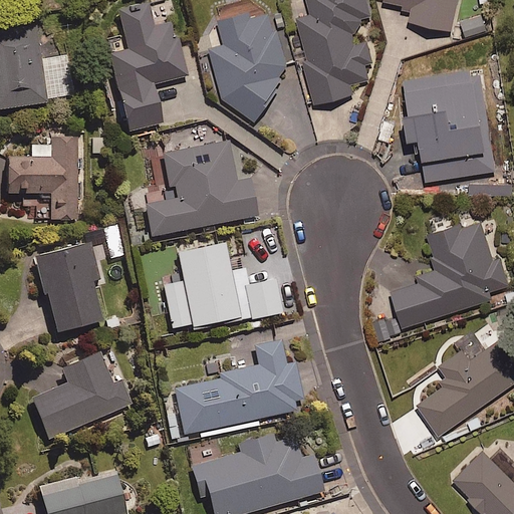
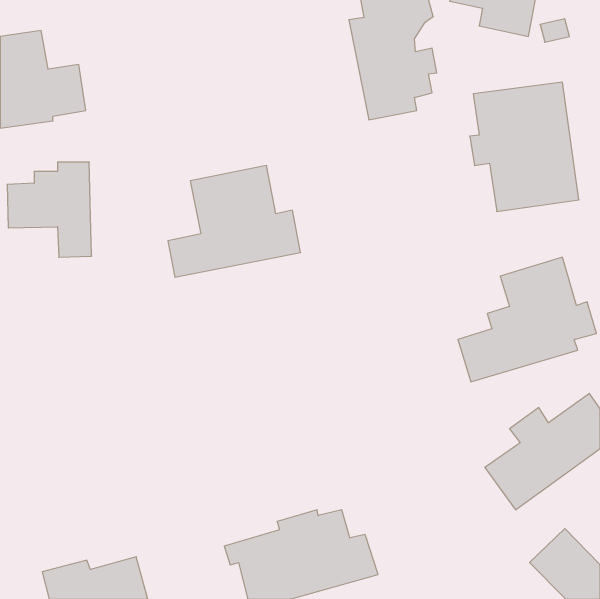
building: [108,4,188,133] -> none
building: [202,6,288,121] -> none
building: [34,244,102,335] -> none
building: [163,244,296,337] -> none
building: [172,341,302,440] -> none
building: [29,355,131,450] -> none

